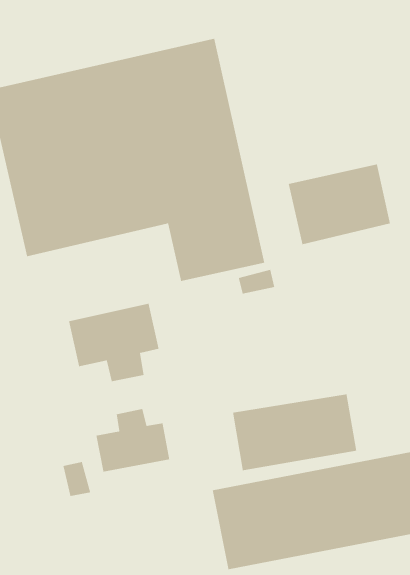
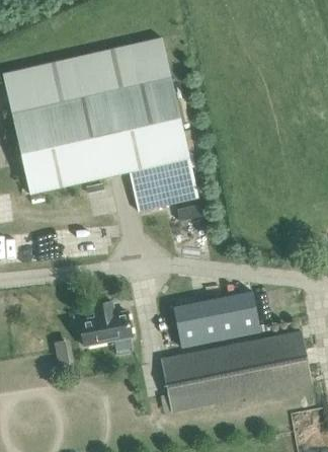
building: [288,164,391,245] -> none
building: [68,303,160,382] -> none

